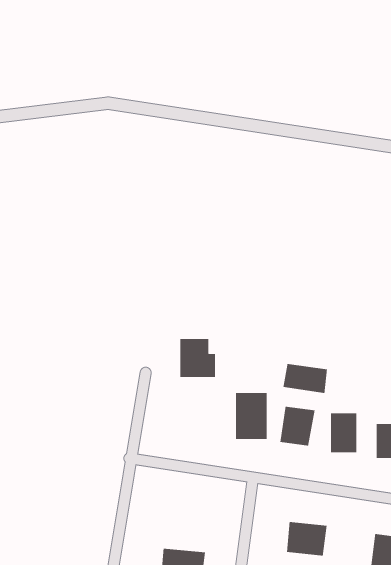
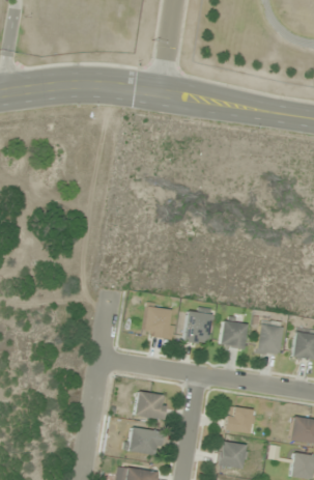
building: [180,339,216,378] -> [145,308,173,338]
building: [283,363,328,394] -> none
building: none -> [135,392,167,420]

